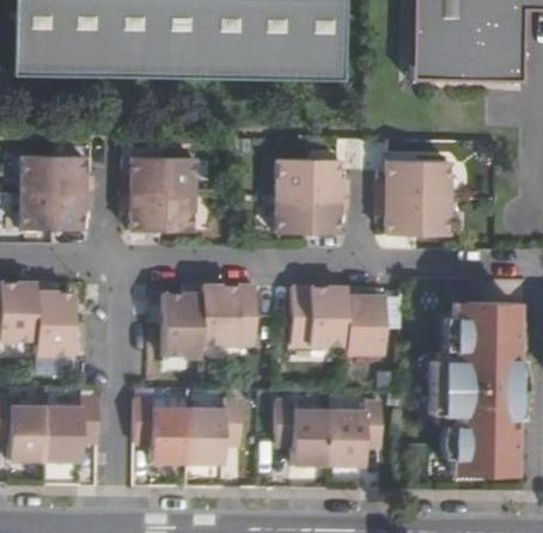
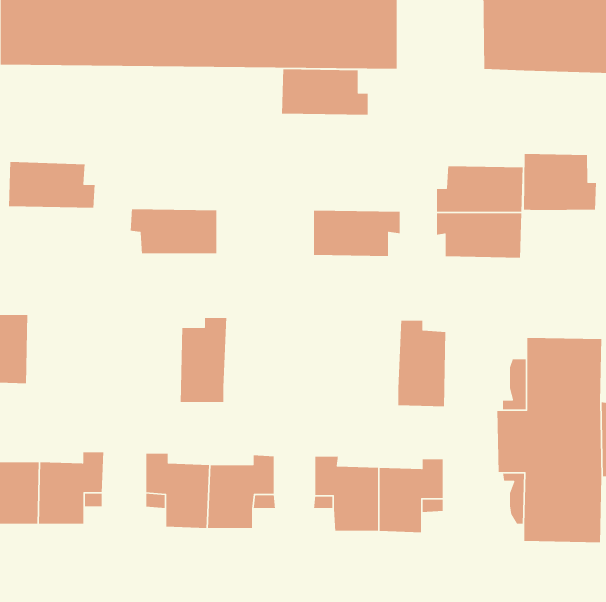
building: none -> [523,153,597,211]
building: [123,157,196,196] -> none
building: [275,158,348,197] -> [281,68,368,116]
building: [20,194,92,232] -> none
building: [36,283,75,357] -> none
building: [201,286,258,345] -> none
building: [291,287,348,345] -> none

